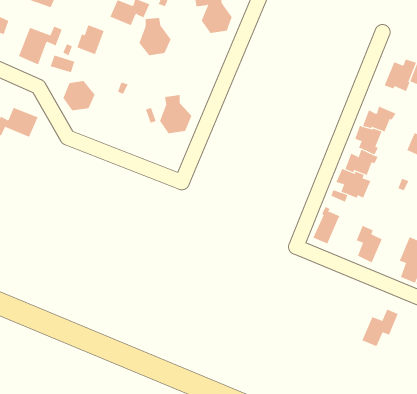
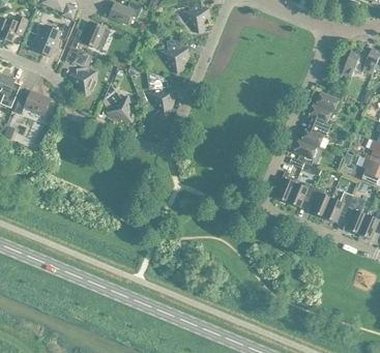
building: [138,18,171,56] -> [162,39,188,70]
building: none -> [104,84,135,123]
building: none -> [287,182,315,207]
building: [362,309,398,347] -> [323,192,353,223]

